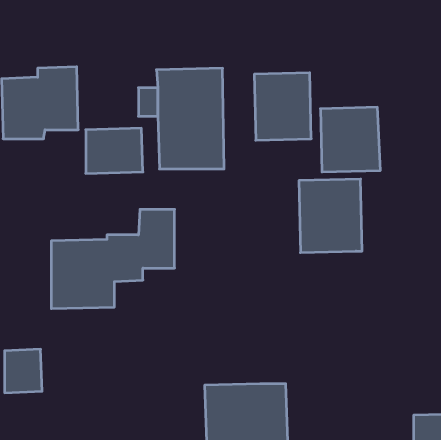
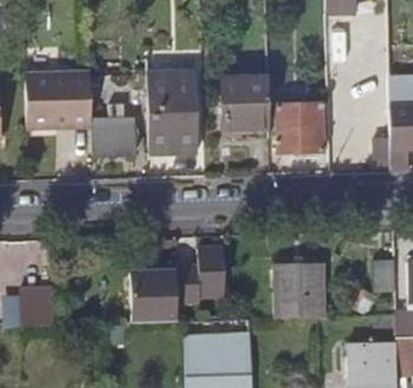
building: [299,179,362,253] -> [273,261,323,319]
building: [51,209,175,309] -> [129,246,227,324]

